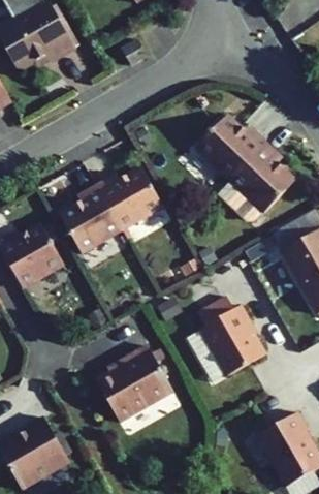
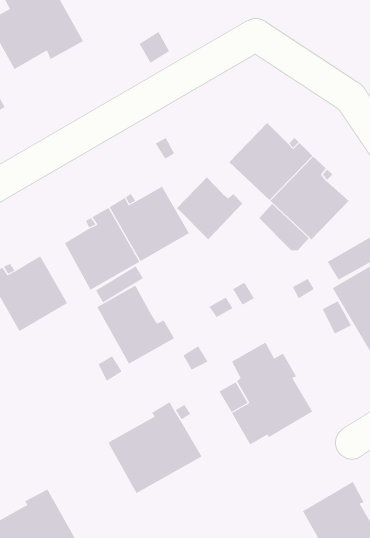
building: none -> [176,176,243,240]
building: none -> [97,285,175,364]

